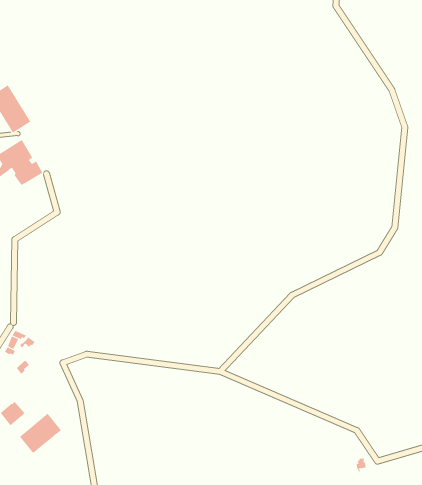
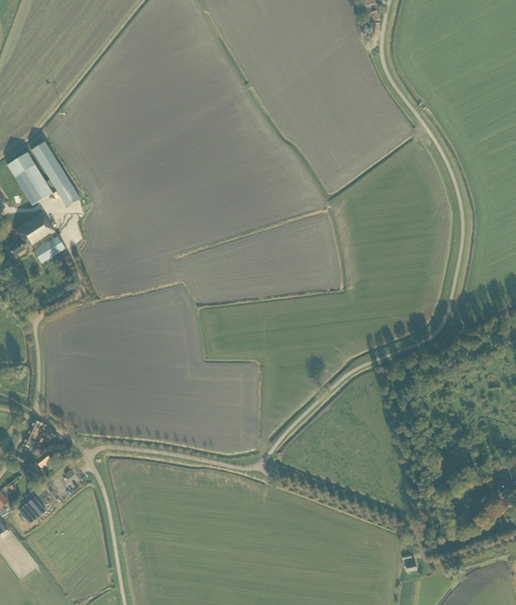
building: none -> [31,141,80,207]
building: [19,413,62,454] -> none

